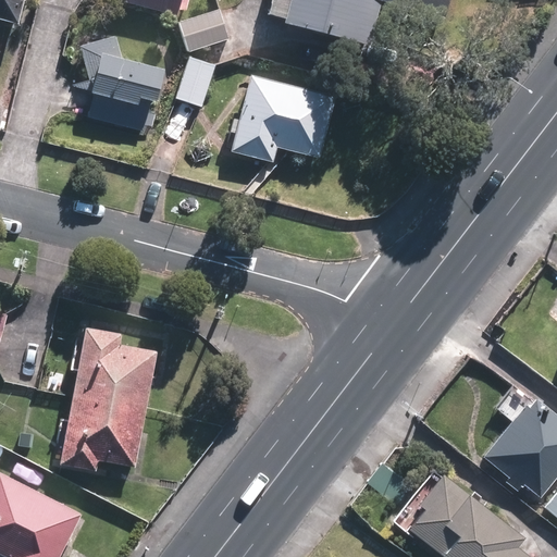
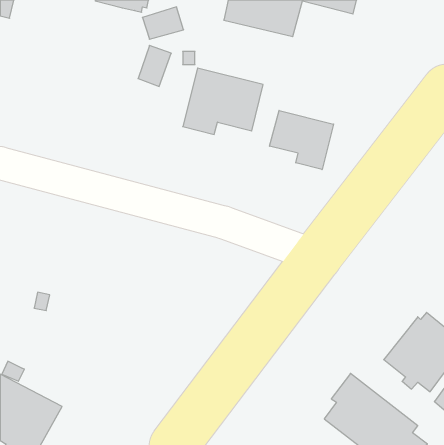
building: [79,36,162,132] -> none
building: none -> [270,110,334,170]
building: [59,320,156,463] -> none

